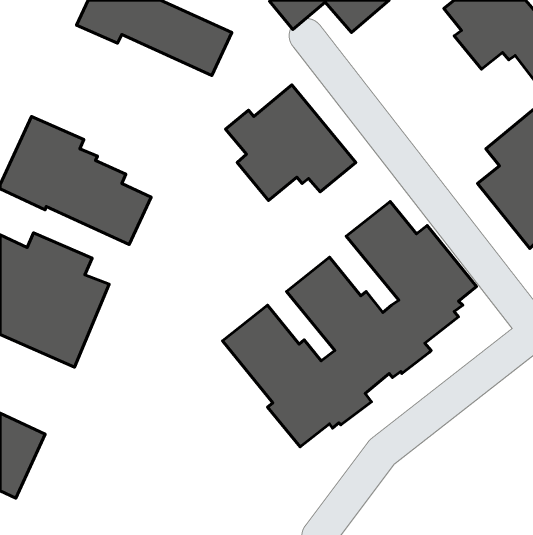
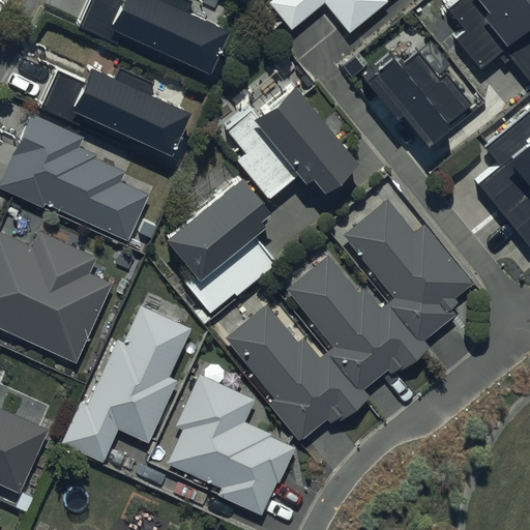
building: none -> [359,53,470,147]
building: none -> [42,68,196,157]
building: none -> [163,177,276,314]
building: none -> [61,306,192,462]
building: none -> [167,373,295,516]

